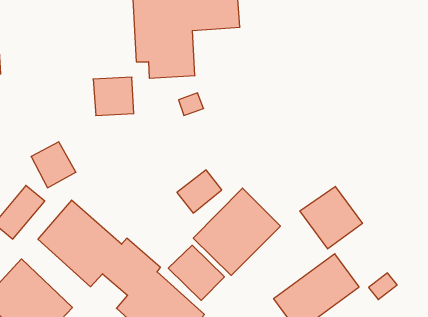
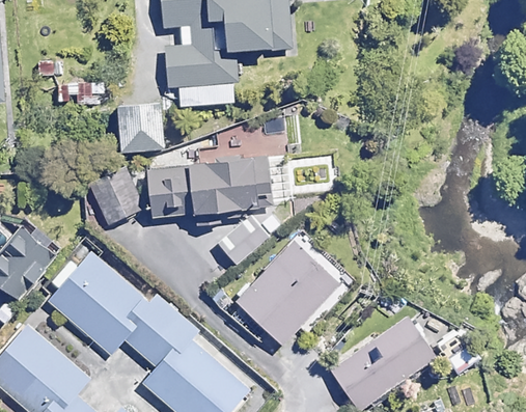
building: none -> [148,154,270,227]
building: [31,142,76,188] -> [92,169,146,224]
building: [300,186,362,249] -> none
building: [168,245,224,300] -> none

